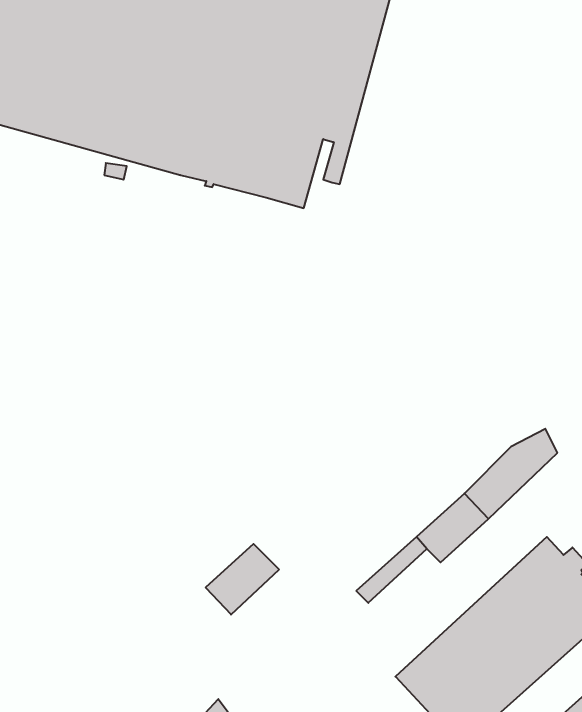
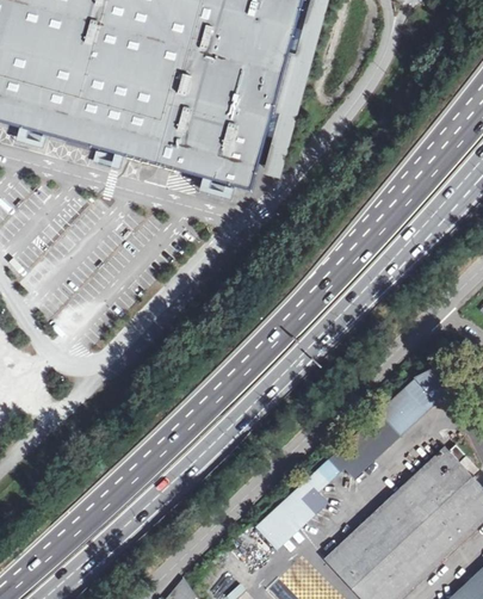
building: [206,544,279,615] -> [253,493,311,549]

